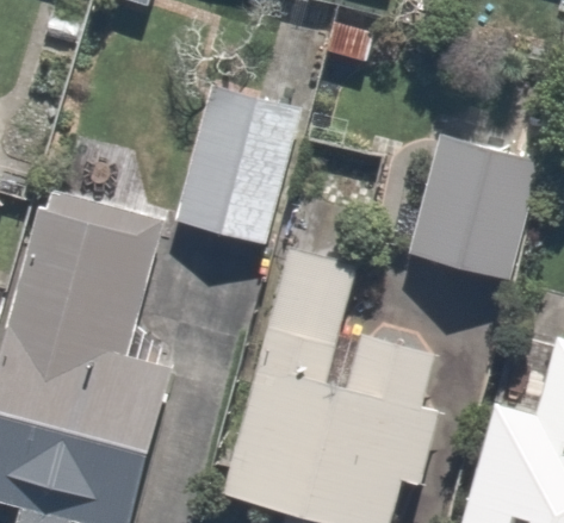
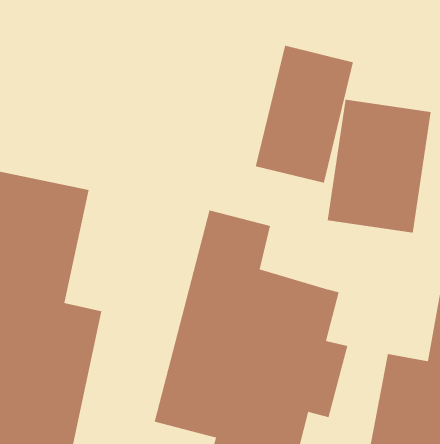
building: none -> [255,45,354,183]
building: [169,82,300,248] -> none

